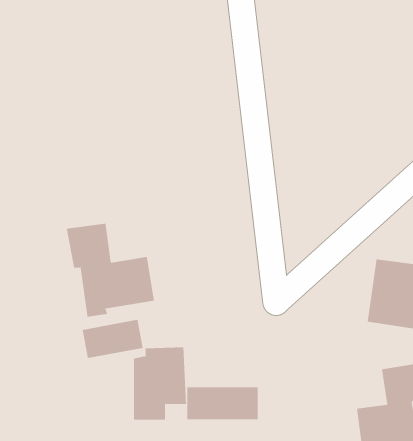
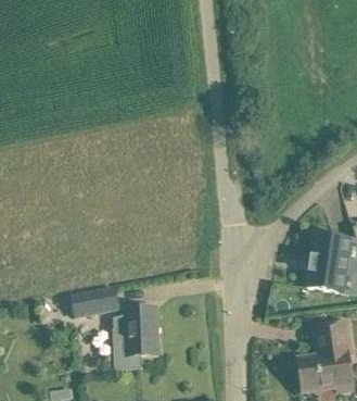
building: [66,223,154,318] -> none
building: [187,387,258,420] -> none

